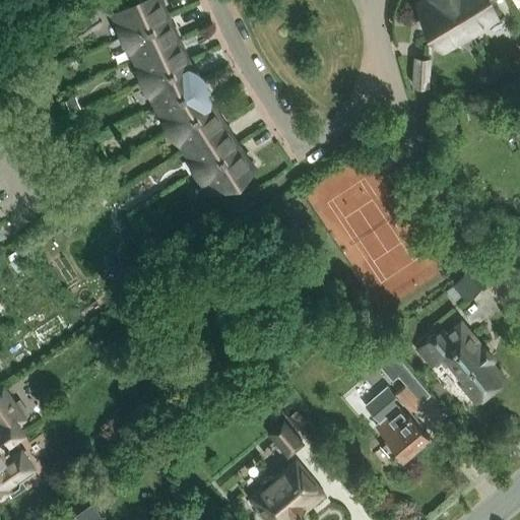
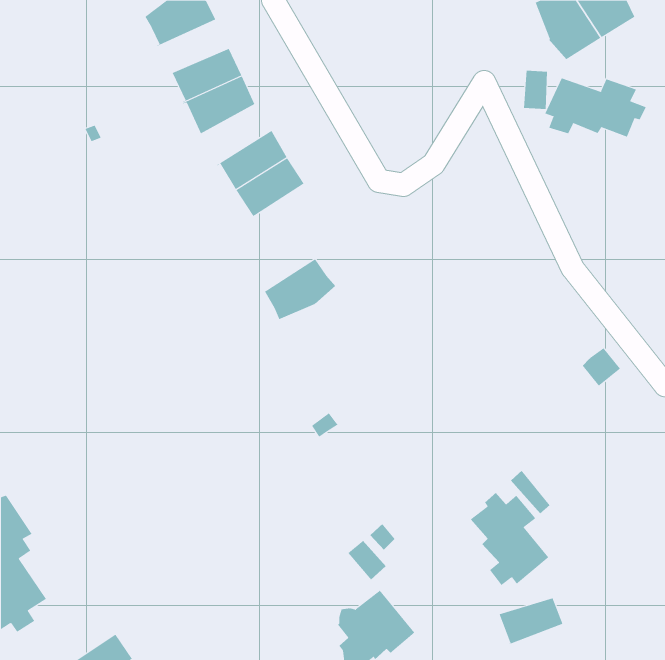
building: [122,19,179,61] -> none
building: none -> [544,78,647,137]
building: [156,85,212,133] -> none
building: [195,147,254,195] -> [261,259,336,320]
building: [418,325,502,400] -> none
building: none -> [499,597,563,646]

